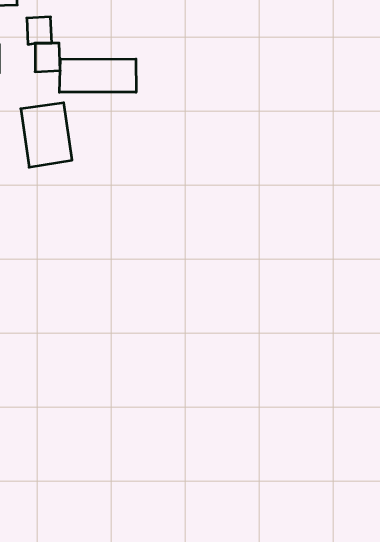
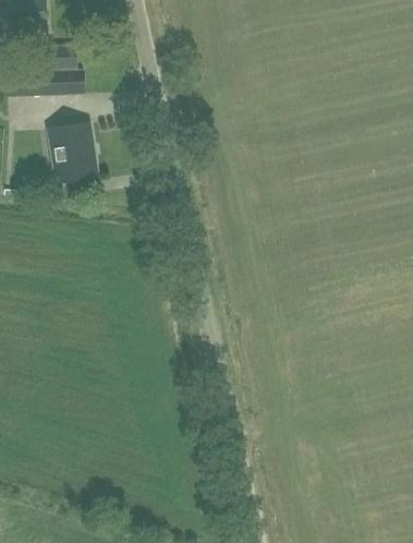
building: [59,59,136,92] -> none

